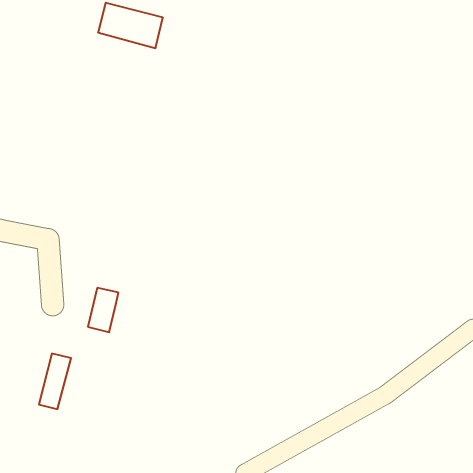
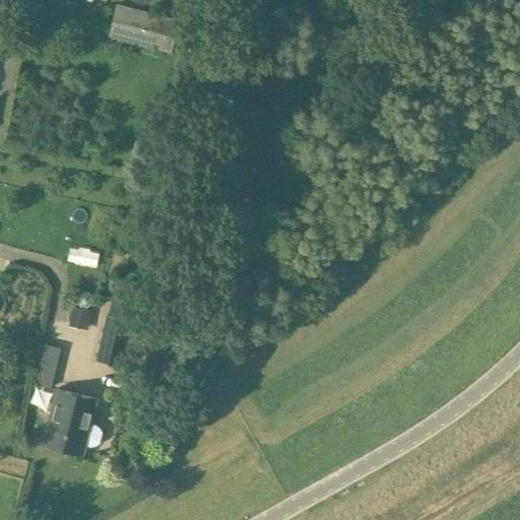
building: none -> [36,343,61,387]
building: none -> [63,393,96,454]

